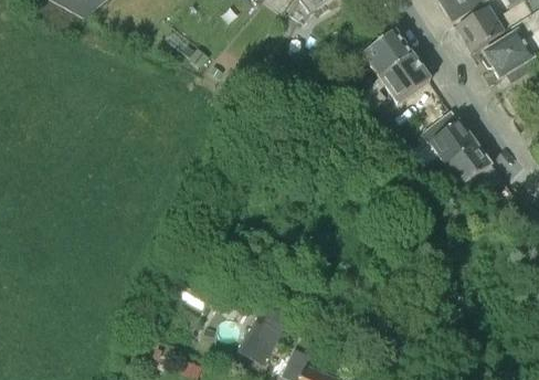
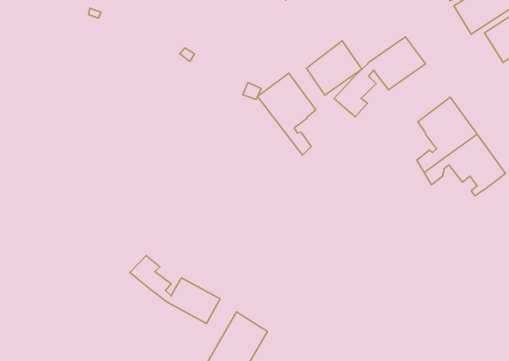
building: [363,29,413,77] -> [306,41,362,95]
building: none -> [258,73,316,155]
building: none -> [130,256,220,323]

